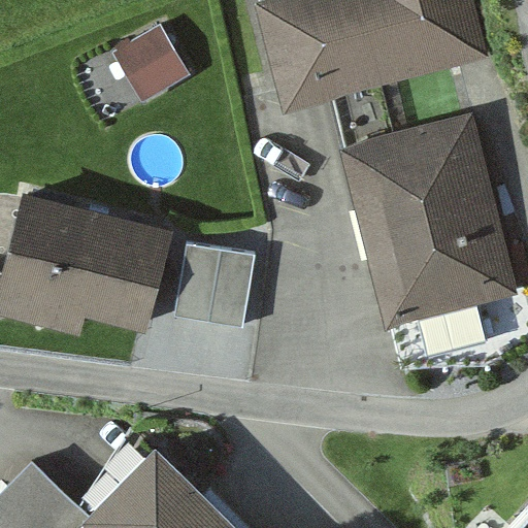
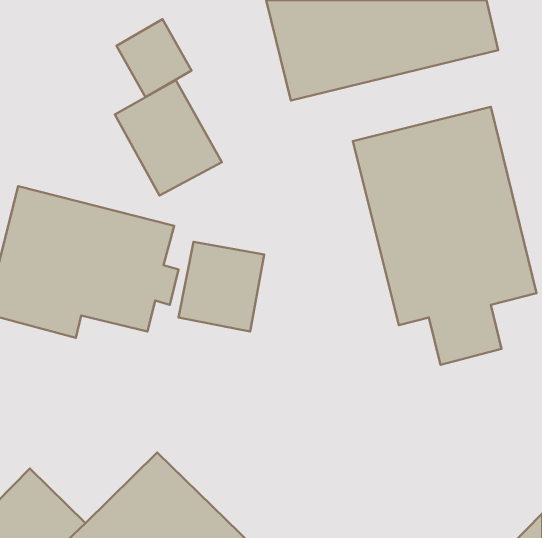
building: none -> [115,80,222,196]

